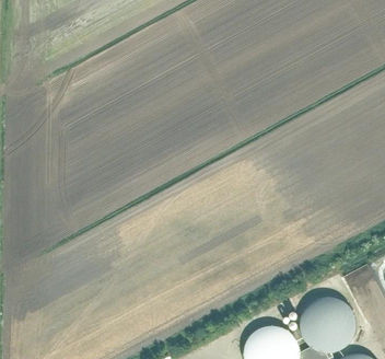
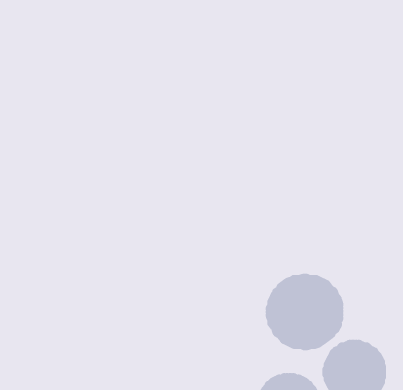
building: none -> [265,273,344,351]

